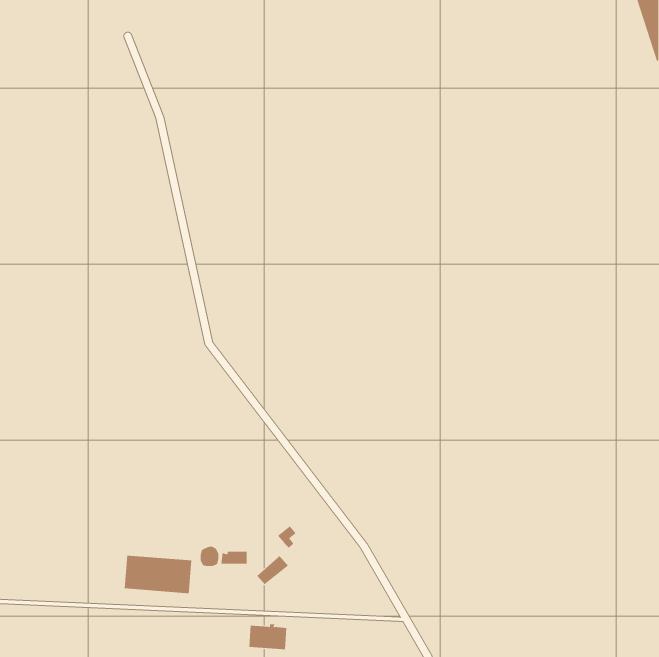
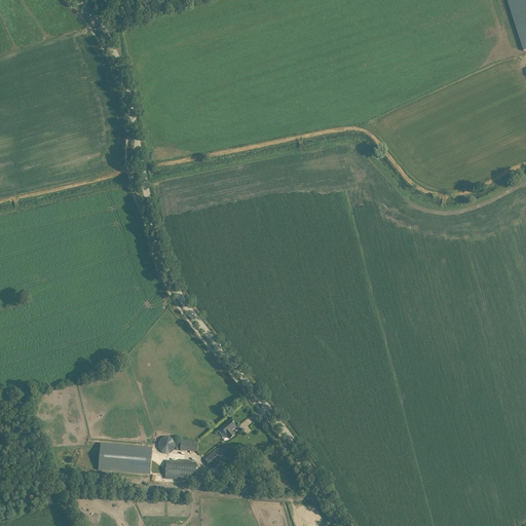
building: [248,624,287,650] -> [165,458,196,479]

